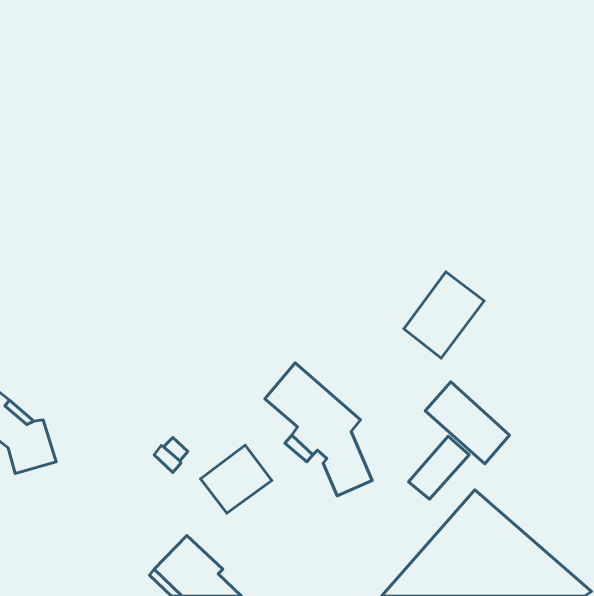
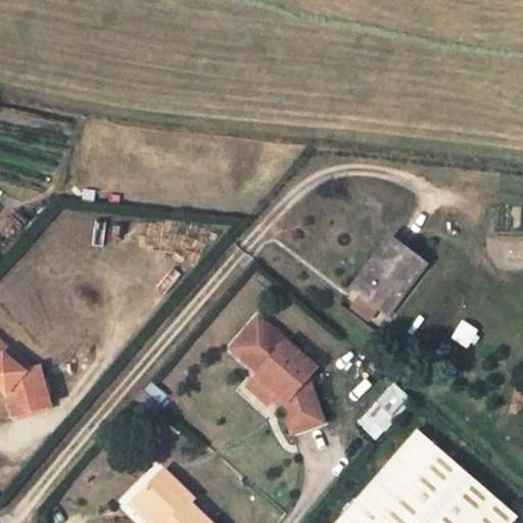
building: [425,382,509,464] -> none
building: [200,445,272,513] -> none

